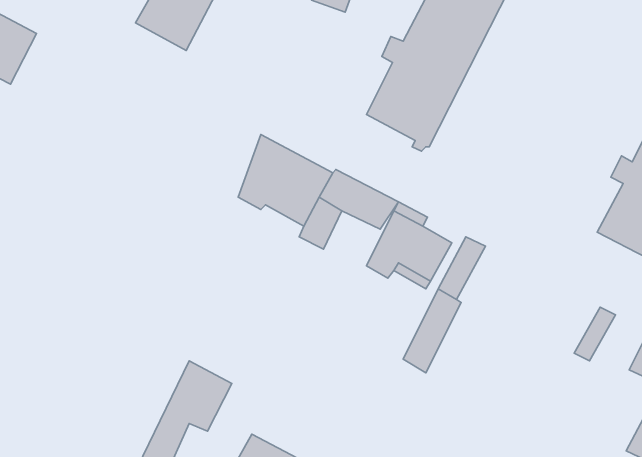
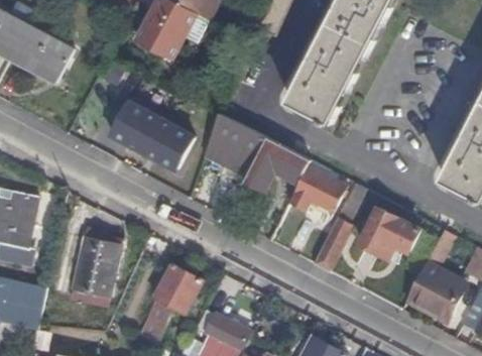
building: none -> [110,102,192,170]
building: none -> [360,207,419,257]
building: none -> [73,236,121,294]
building: none -> [410,267,463,316]

